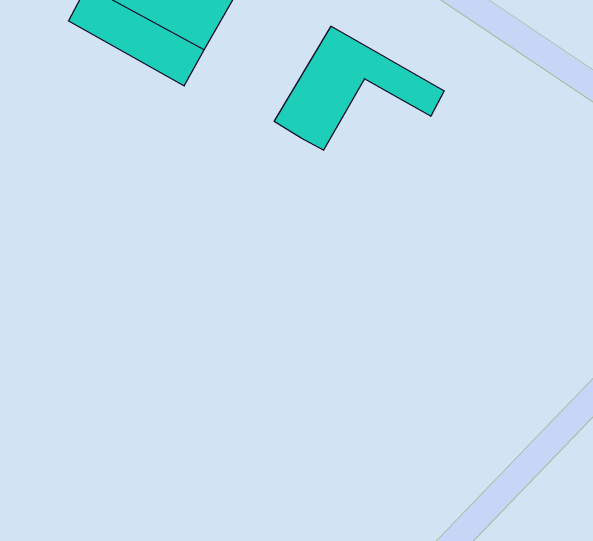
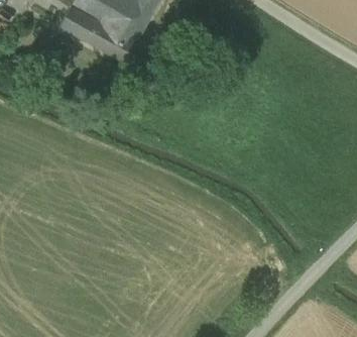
building: [274,26,444,150] -> none

